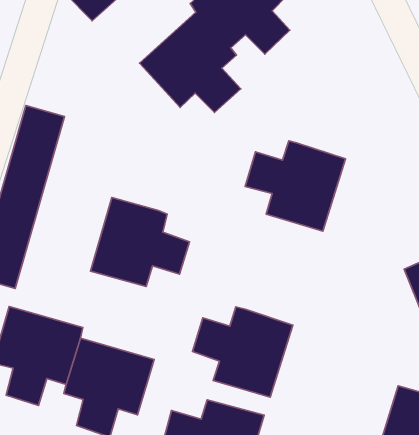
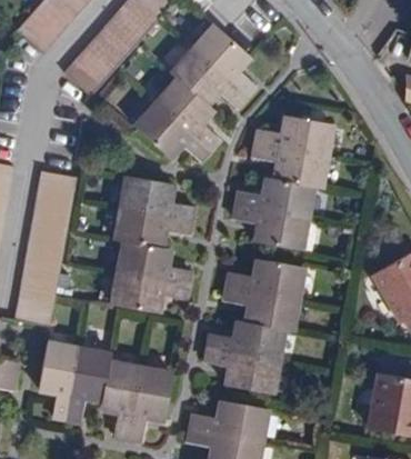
building: none -> [251,116,332,190]
building: none -> [112,177,194,248]
building: none -> [222,259,304,332]

